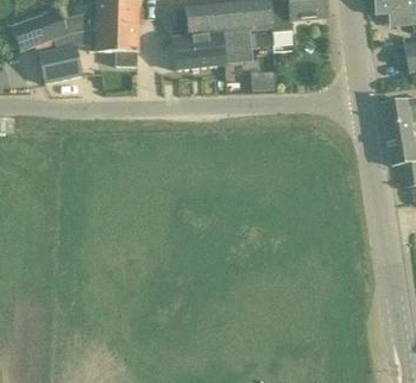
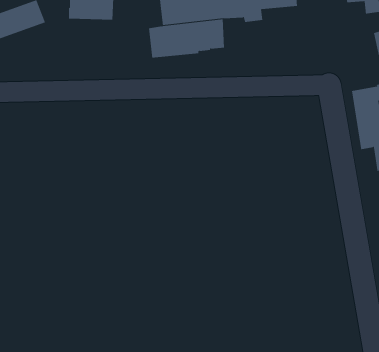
building: [88,29,138,65] -> none
building: [39,51,82,82] -> none

